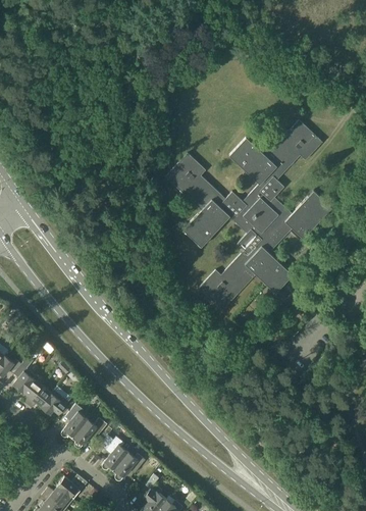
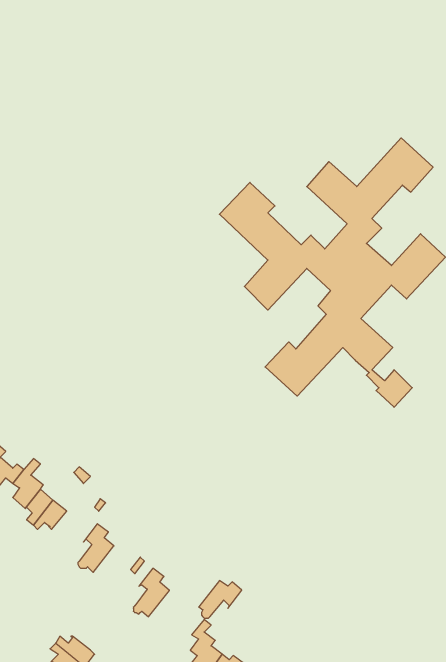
building: [42,388,71,414] -> none
building: [72,418,107,448] -> none
building: [113,453,145,480] -> [199,581,242,618]
building: [57,474,88,500] -> none

